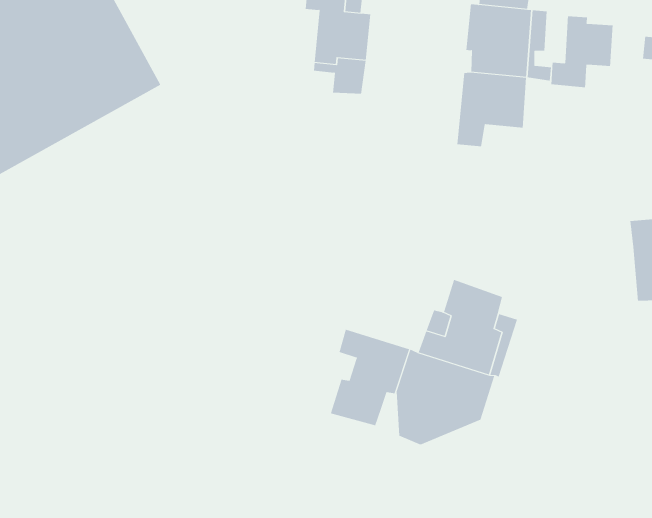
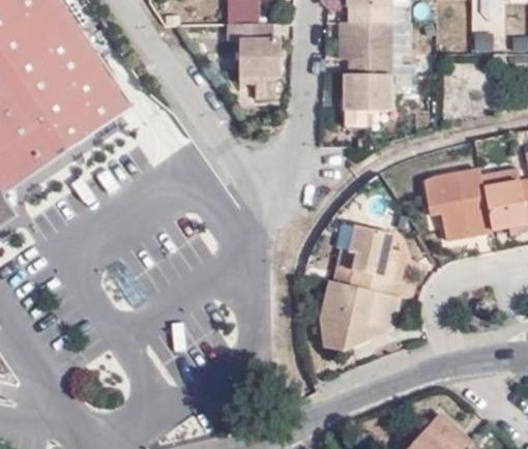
building: [551,16,613,88] -> none
building: none -> [423,167,491,239]
building: [330,329,410,426] -> none

